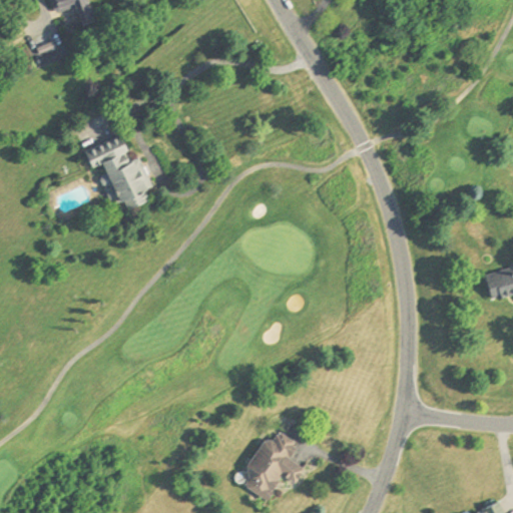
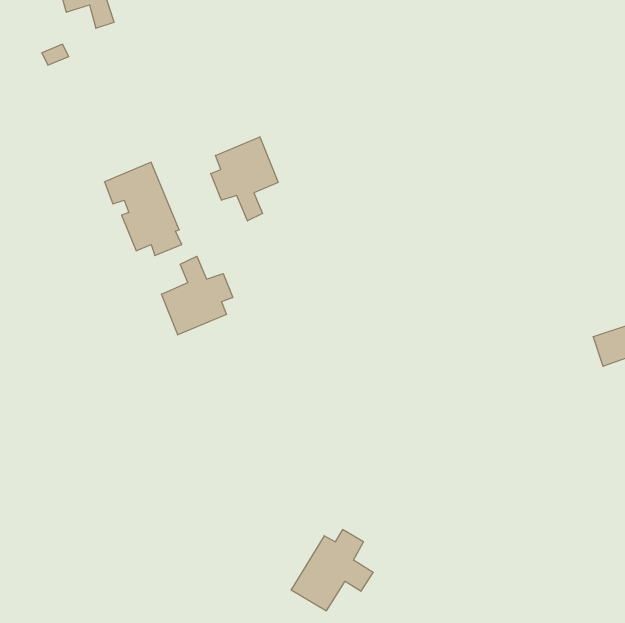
building: none -> [211,137,278,221]
building: none -> [161,256,233,335]

